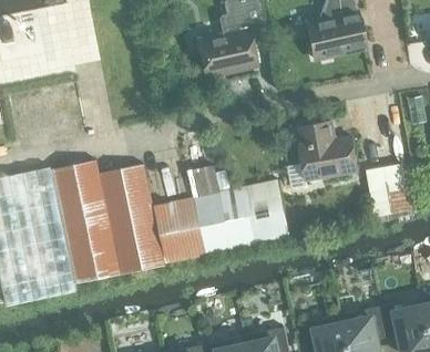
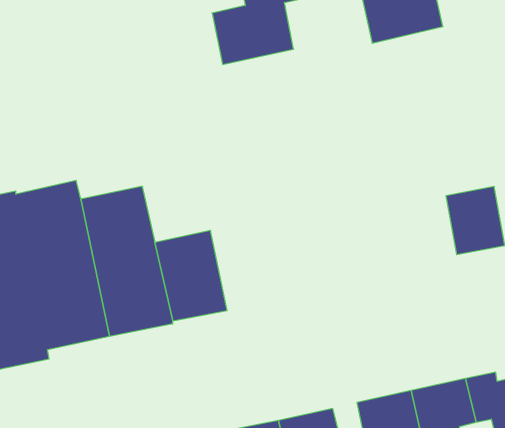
building: [288,122,357,186] -> none
building: [188,166,289,256] -> none

